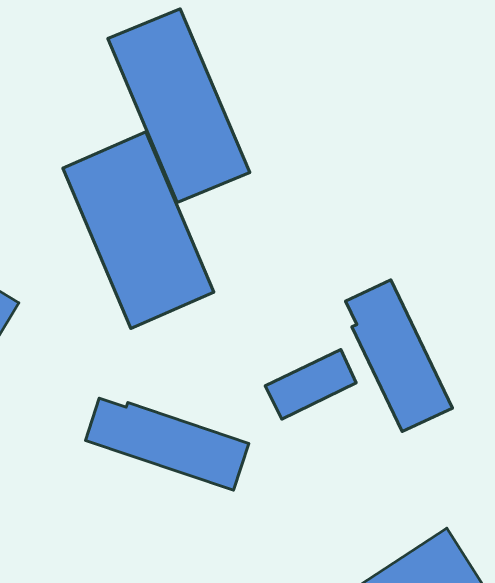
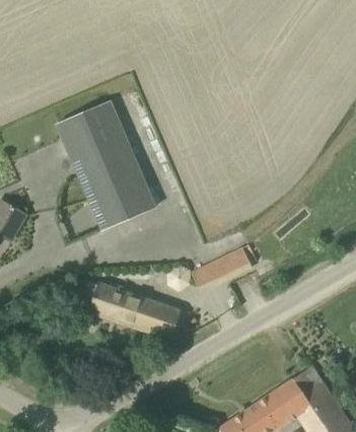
building: [108,9,250,202] -> none
building: [346,280,452,432] -> none

